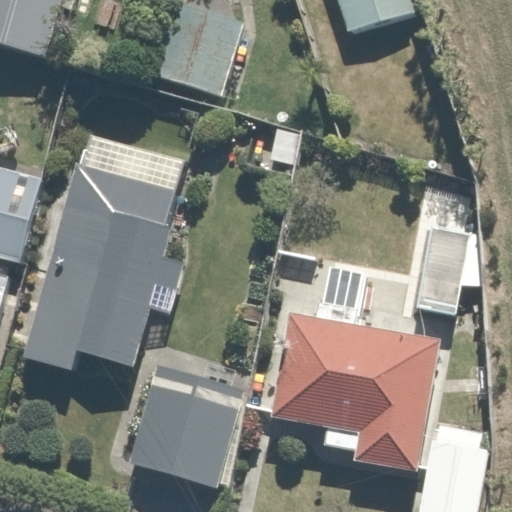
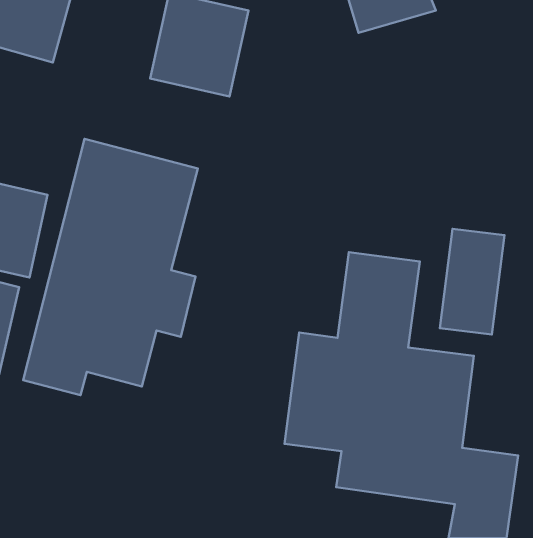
building: [128,364,249,498] -> none

